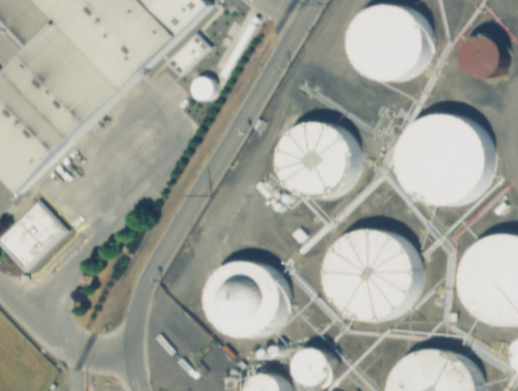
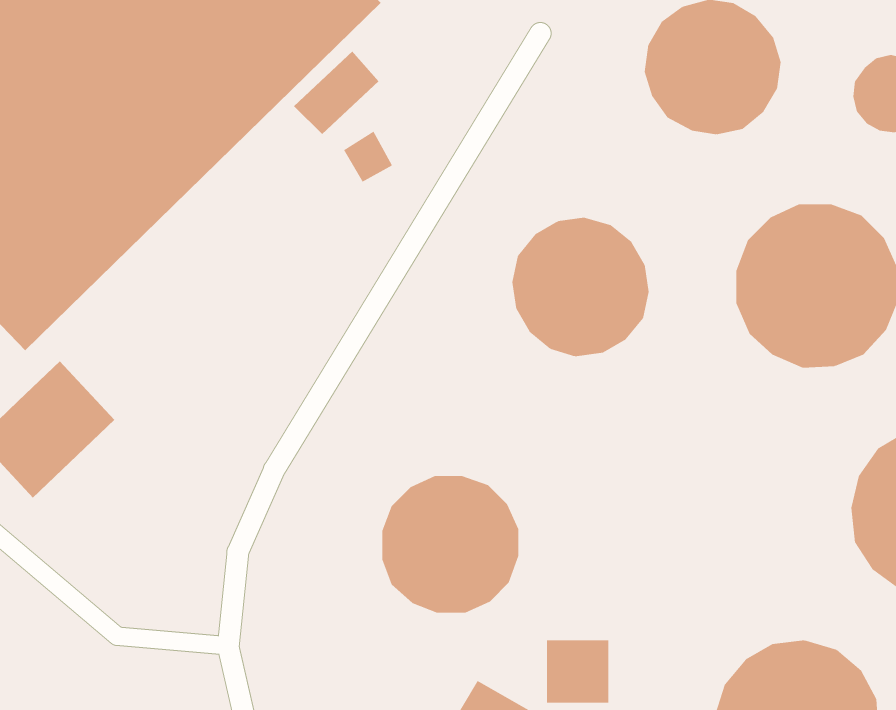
building: [326,228,417,318] -> none

